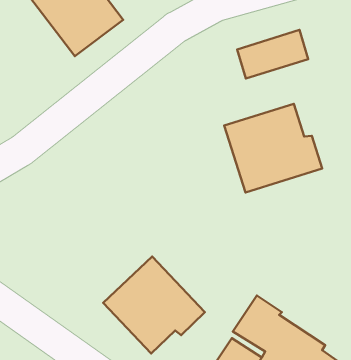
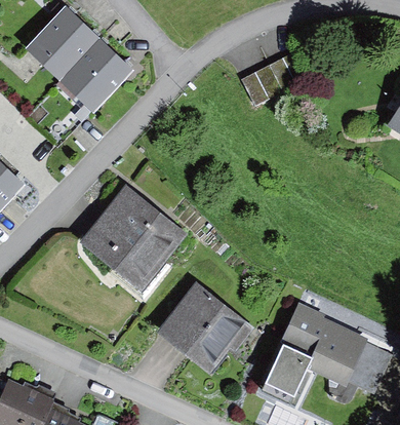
building: [224,104,322,193] -> none
building: none -> [79,184,187,292]

